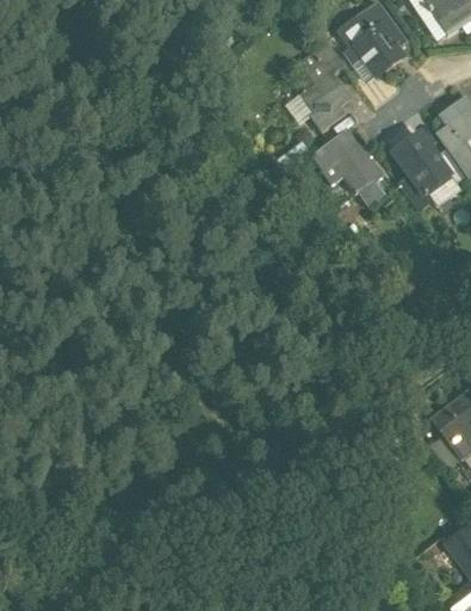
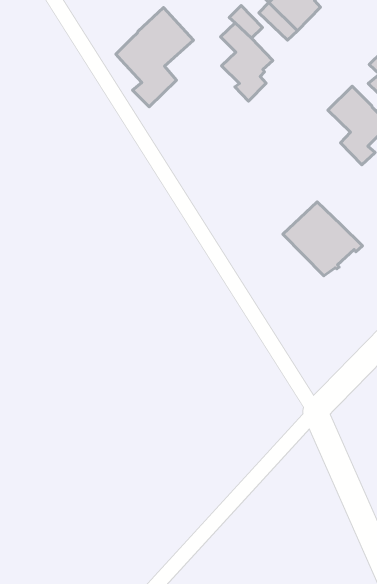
building: none -> [116,8,194,107]
building: [310,128,383,198] -> [283,202,362,276]

